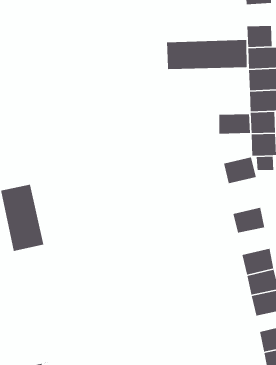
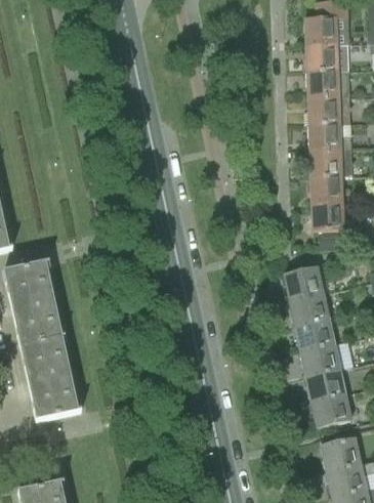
building: none -> [305,43,337,71]
building: [166,39,247,76] -> none
building: [218,113,251,135] -> none
building: [223,157,257,184] -> [283,266,324,300]
building: none -> [295,318,335,350]
building: none -> [20,338,82,421]

